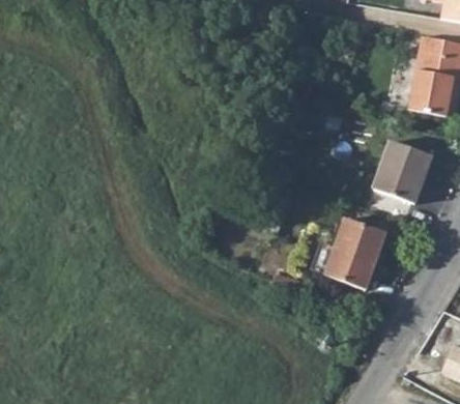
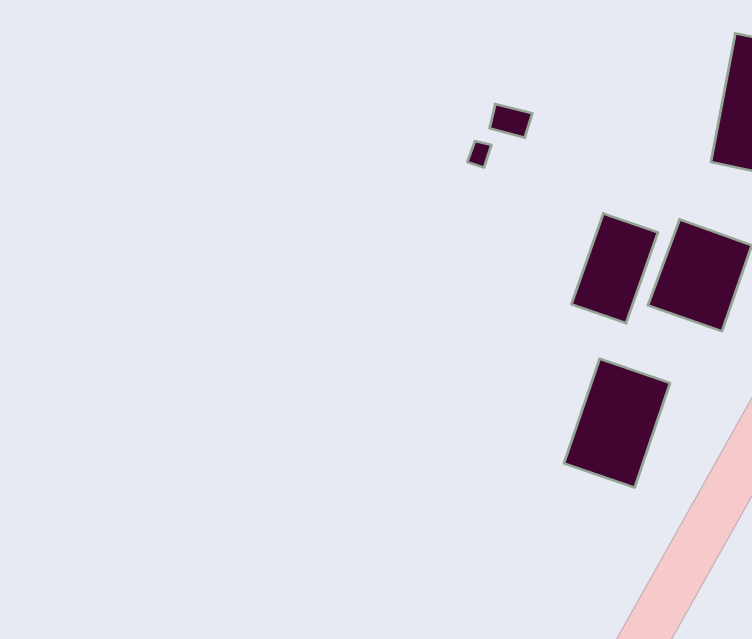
building: none -> [572,213,658,323]

